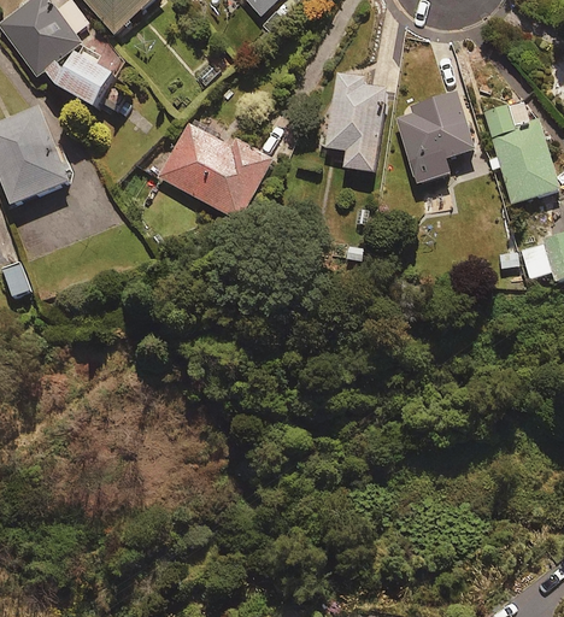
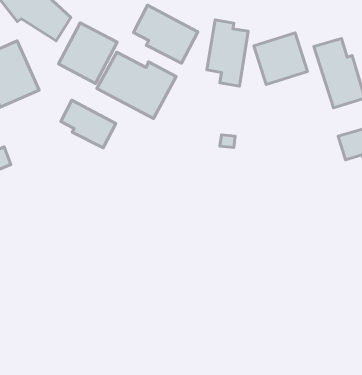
building: none -> [134,5,198,63]
building: none -> [58,23,117,83]
building: none -> [61,100,116,148]

